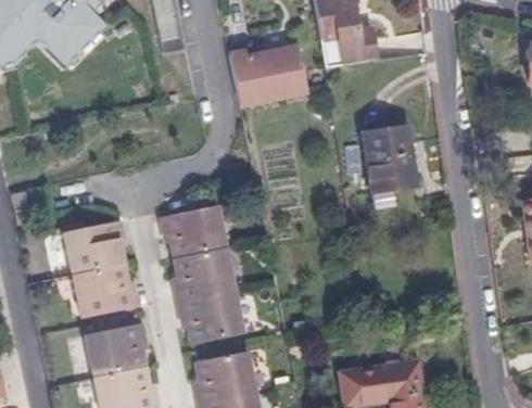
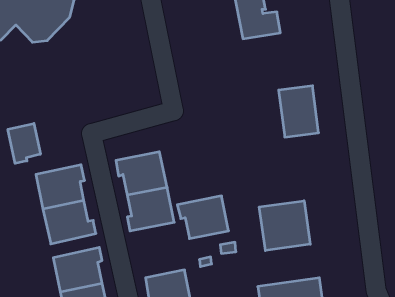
building: [227,37,301,94] -> none
building: none -> [8,123,40,163]
building: none -> [259,201,310,251]
building: [179,293,243,346] -> [177,196,229,239]

